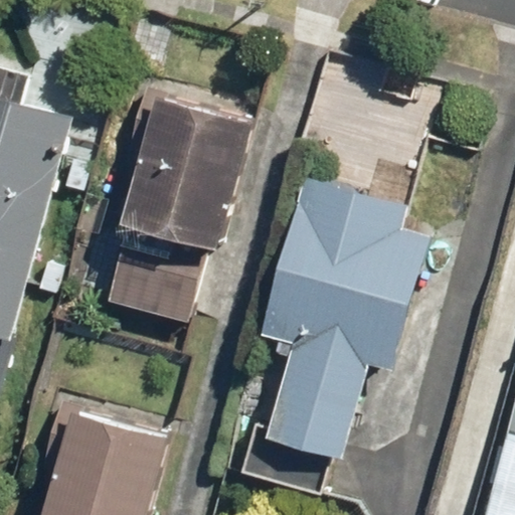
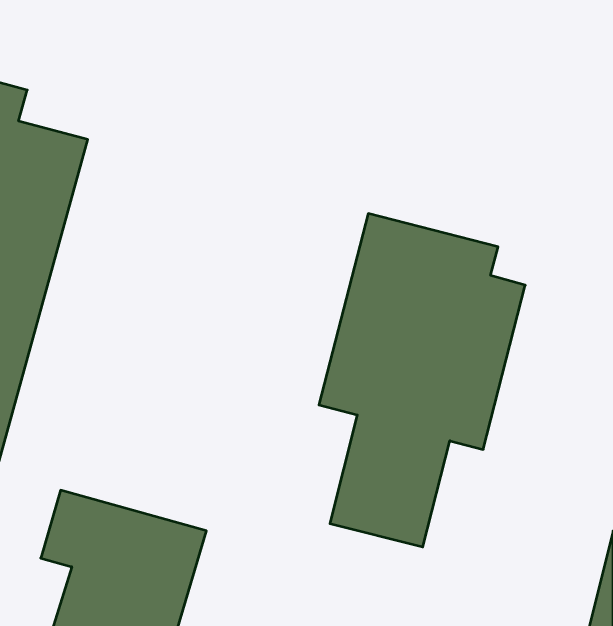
building: [103,95,252,321] -> none

